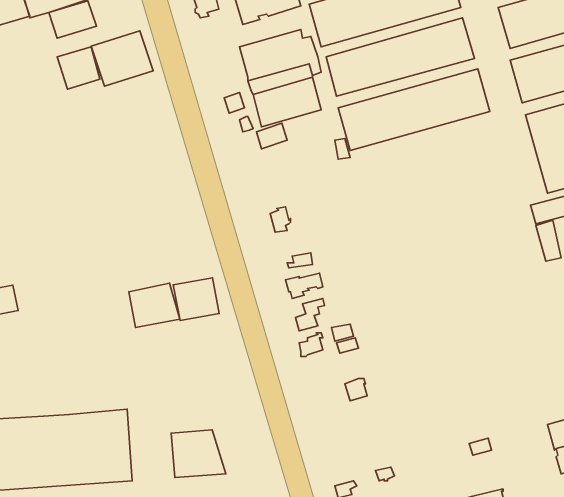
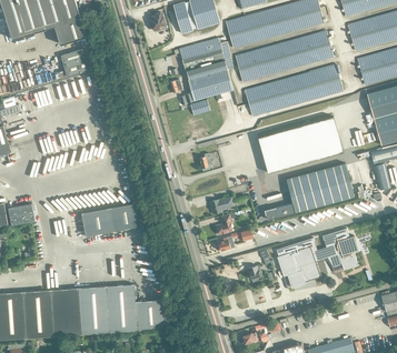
building: [91,31,153,86] -> none
building: none -> [257,117,343,172]
building: none -> [265,163,353,220]
building: [173,278,219,320] -> [81,209,111,236]
building: none -> [275,228,358,288]
building: none -> [106,283,137,332]

